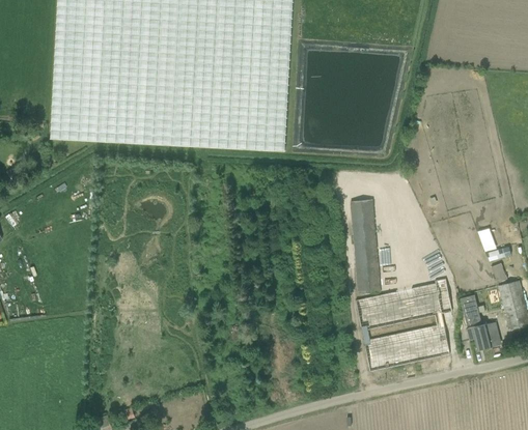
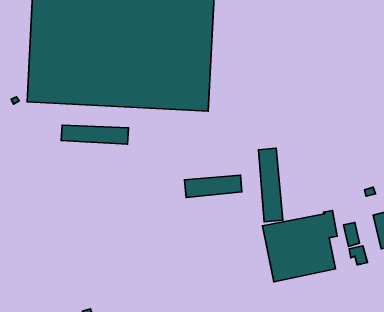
building: none -> [61,125,128,144]
building: none -> [185,175,242,197]

